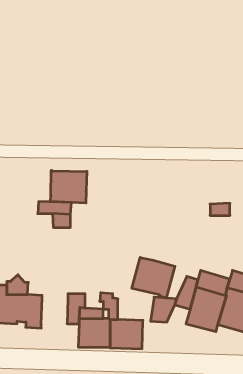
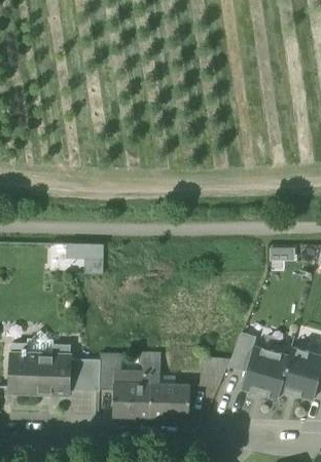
building: [50,170,87,203] -> none
building: [132,257,175,298] -> none
building: none -> [68,359,100,392]

